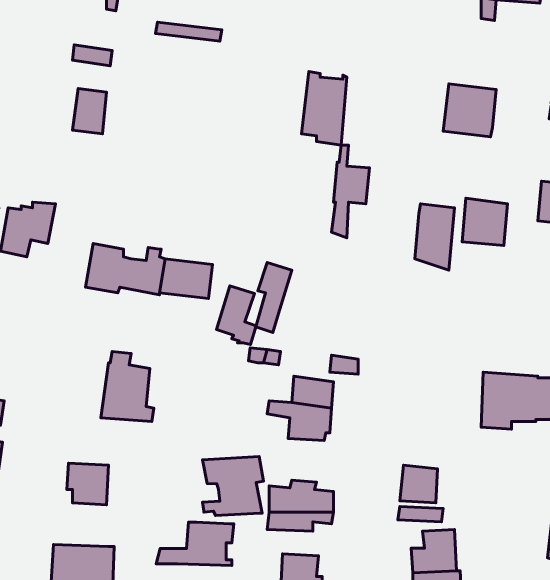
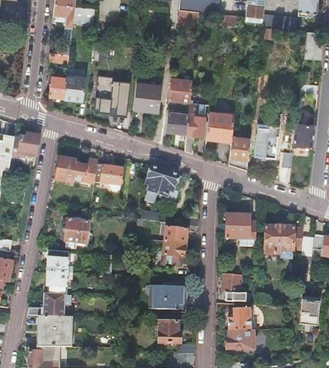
building: none -> [64,66,84,100]
building: [443,84,496,137] -> [206,112,234,140]
building: none -> [103,73,129,107]
building: none -> [133,89,160,111]
building: none -> [166,110,188,134]
building: [217,286,256,345] -> [157,170,178,201]
building: none -> [225,214,256,245]
building: none -> [46,249,73,273]
building: [202,456,264,516] -> none
building: [156,522,234,566] -> [27,293,68,316]

